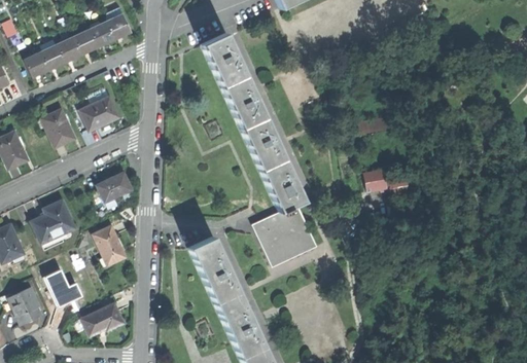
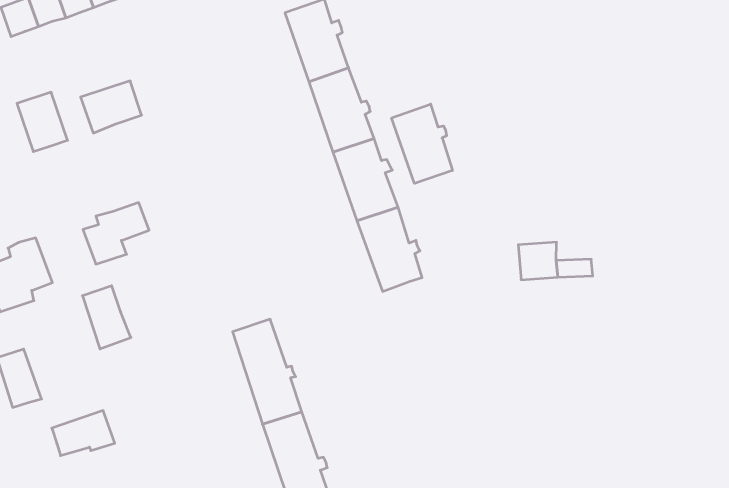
building: none -> [392,104,452,183]
building: [253,203,318,266] -> none

